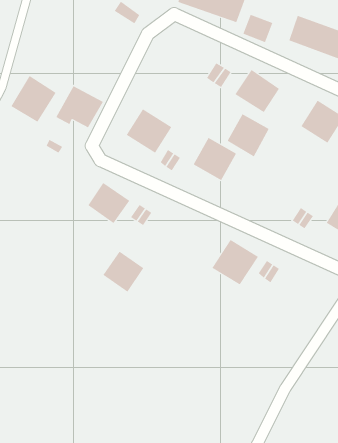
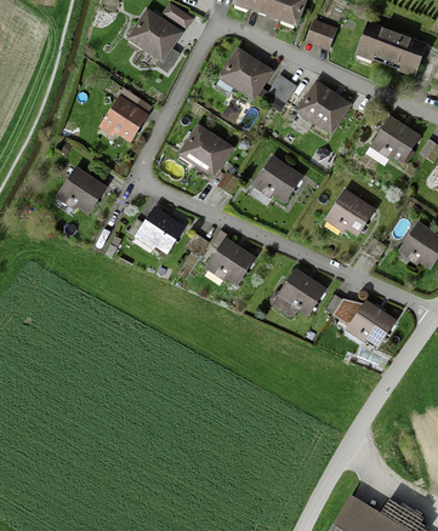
building: none -> [130,12,186,65]
building: none -> [218,48,272,101]
building: [10,75,56,123] -> [57,165,108,217]
building: [227,113,270,157] -> [326,189,374,238]
building: [103,251,144,292] -> [207,236,254,282]
building: none -> [346,302,397,348]

